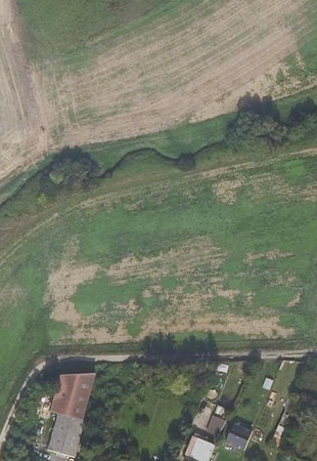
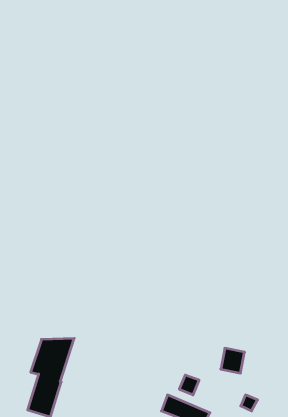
building: [225,422,250,448] -> [221,348,245,373]

